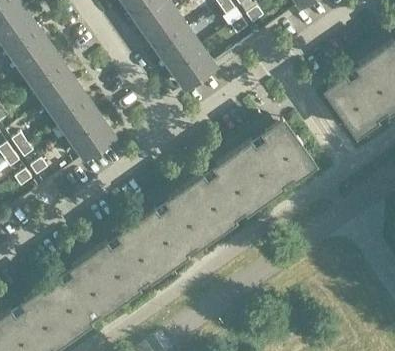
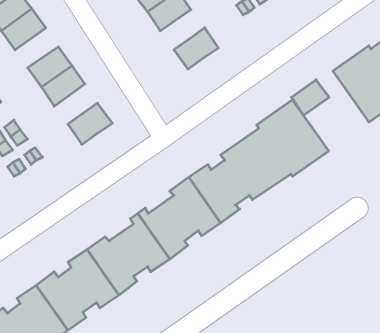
building: [159,31,201,69] -> none
building: [22,48,63,86] -> none
building: none -> [291,80,329,115]
building: [59,101,100,139] -> none

